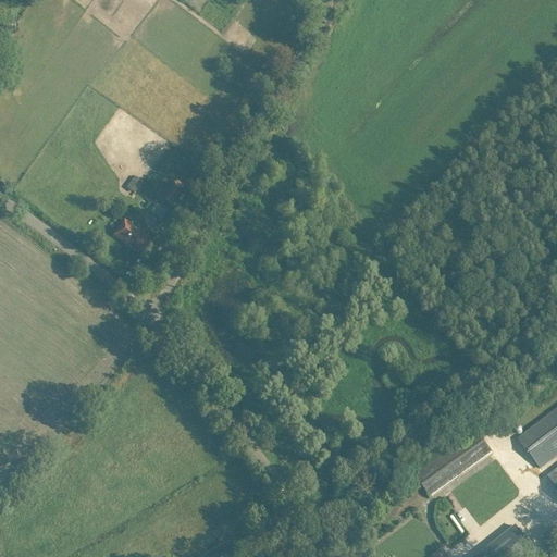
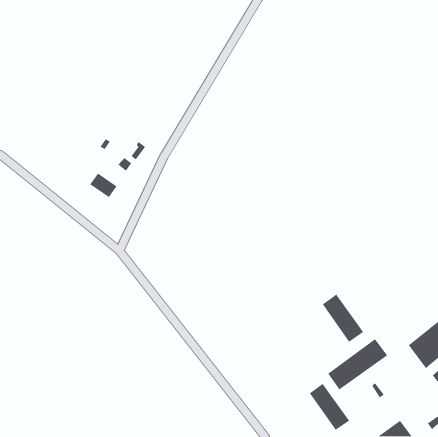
building: none -> [322,293,364,343]
building: none -> [309,383,350,431]

